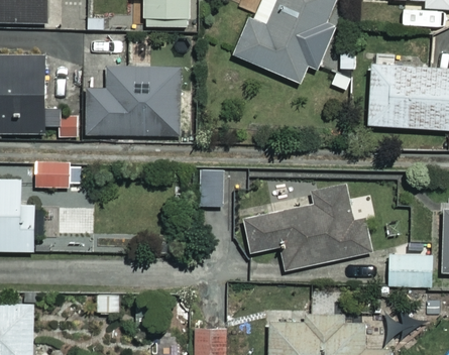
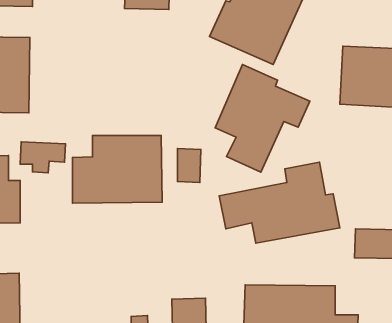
building: [86,68,180,138] -> [72,135,162,203]
building: none -> [215,64,310,172]

